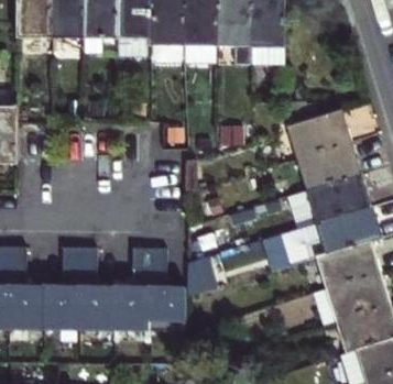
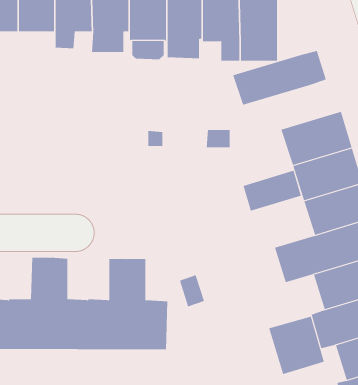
building: none -> [233,50,327,105]
building: none -> [243,170,301,212]
building: none -> [269,316,325,375]

